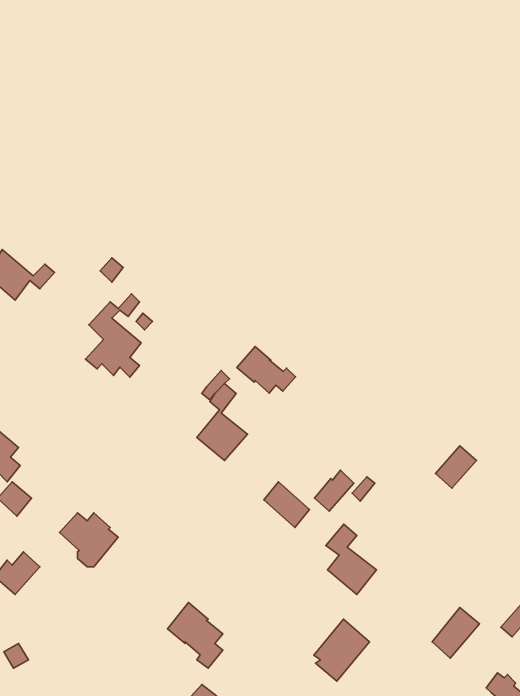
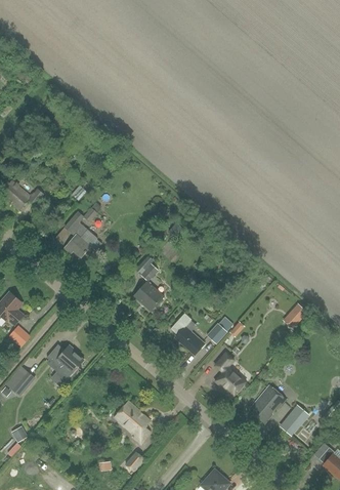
building: [237,347,296,393] -> none
building: [314,619,369,681] -> [250,383,285,422]

